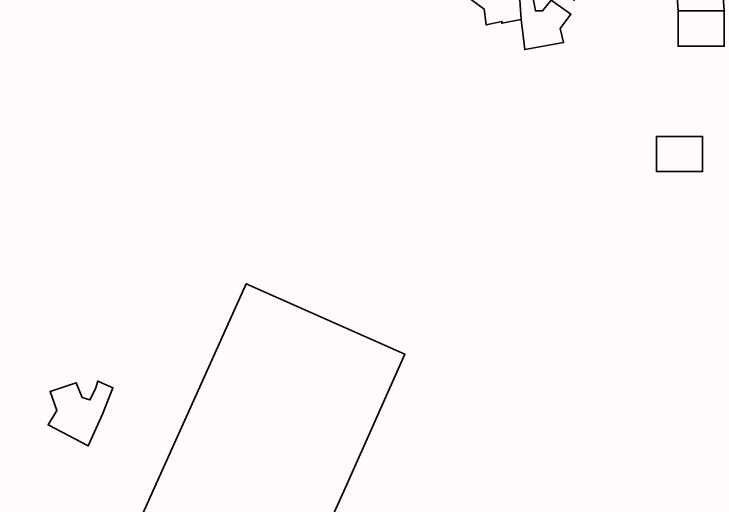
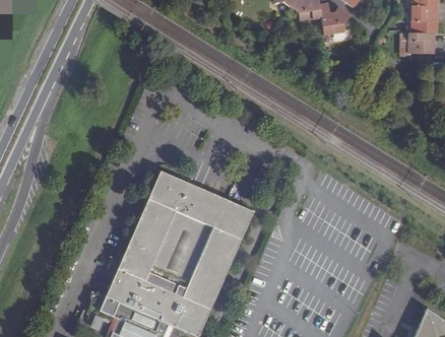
building: [657,136,702,172] -> [408,33,435,54]
building: [48,381,113,446] -> none

